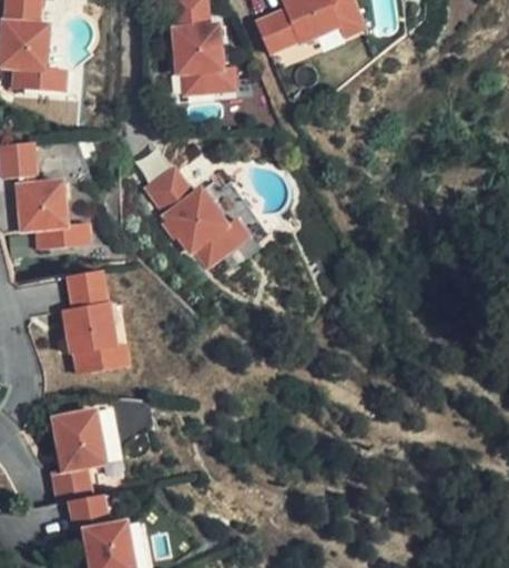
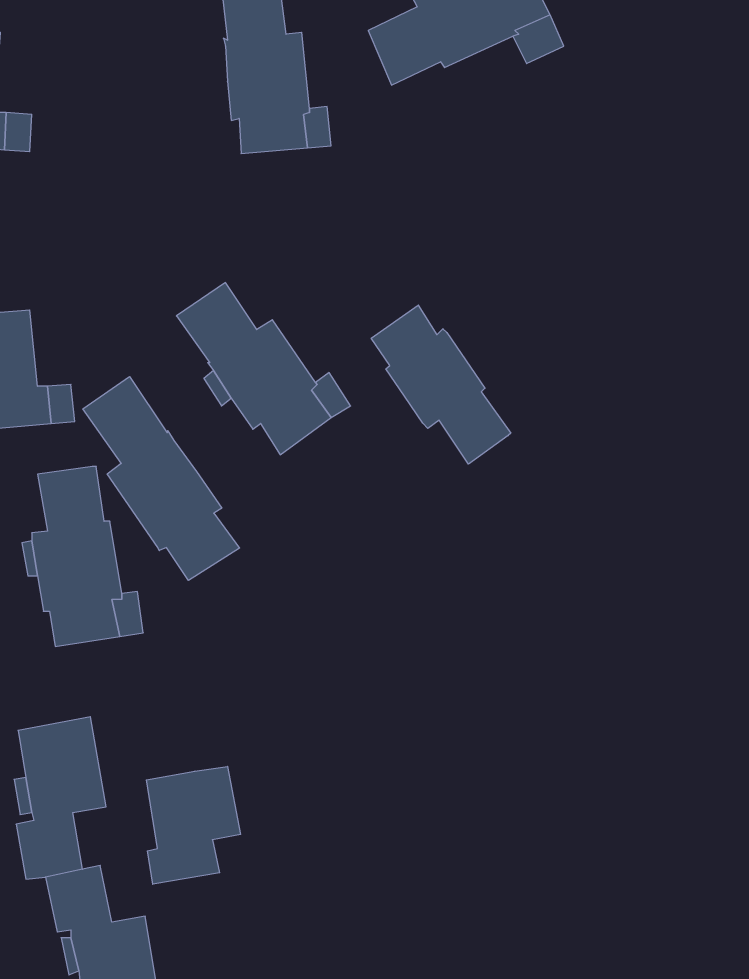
building: none -> [371,305,511,464]
building: none -> [83,377,240,580]
building: none -> [146,766,241,884]

